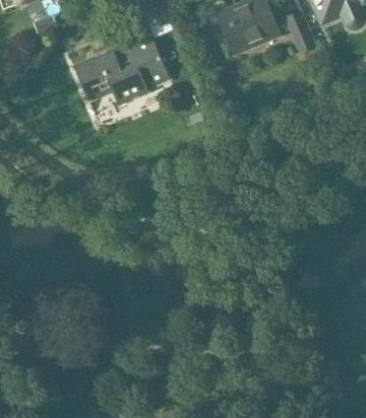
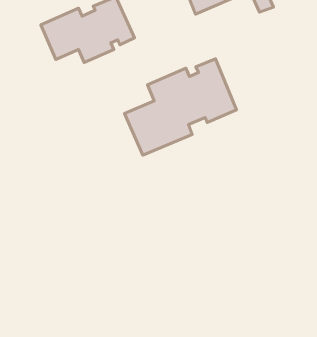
building: none -> [125,59,237,155]

